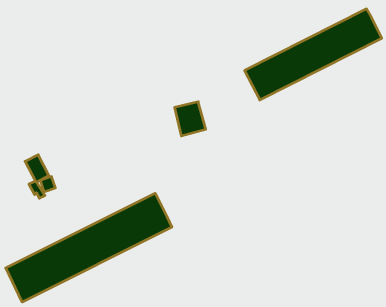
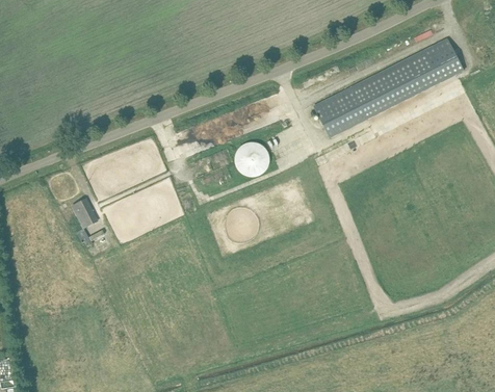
building: [6,193,172,302] -> none

